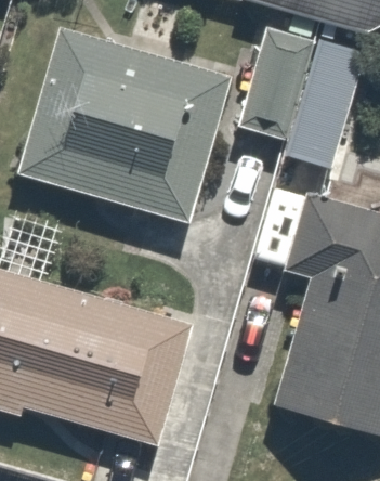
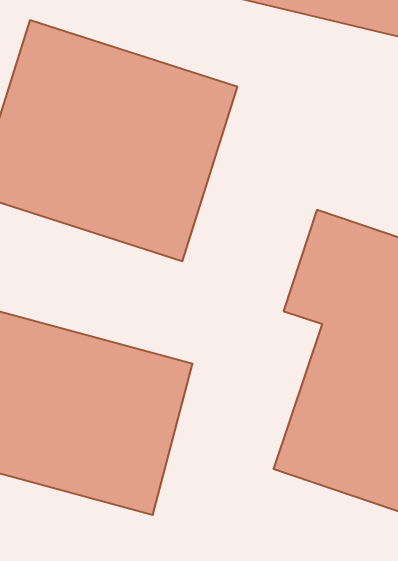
building: [240,30,362,162] -> none

